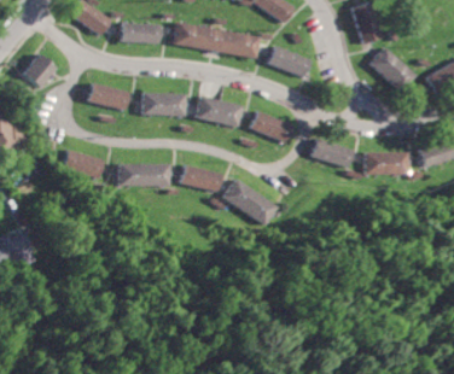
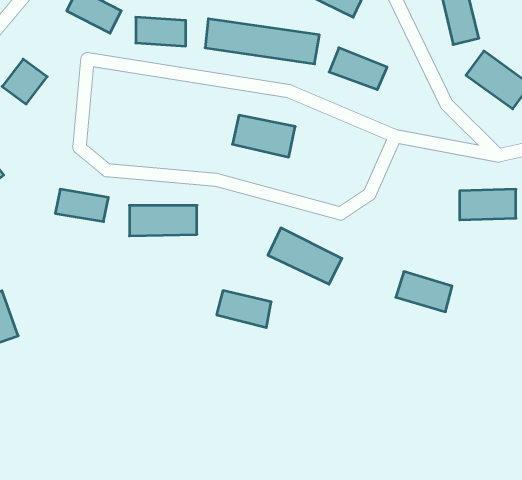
building: [89,83,129,107] -> none
building: [142,92,186,116] -> none
building: [250,110,292,141] -> none
building: [312,138,354,168] -> [396,272,452,312]
building: [179,164,220,192] -> [217,291,271,328]

